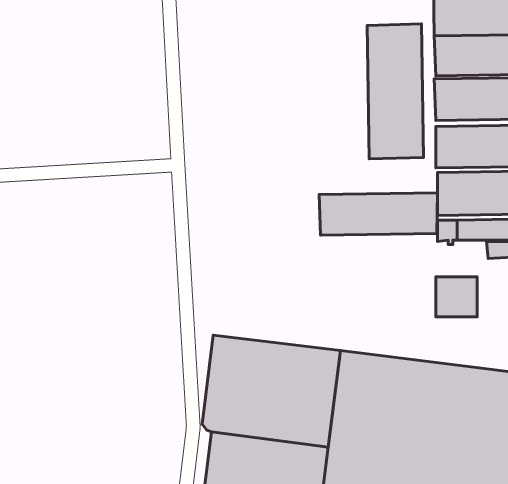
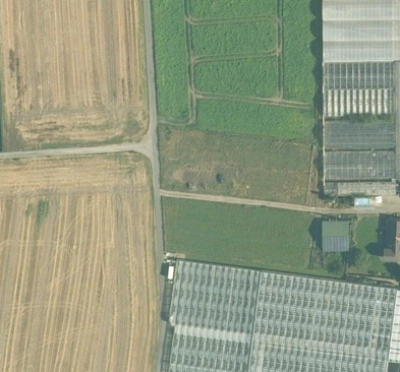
building: [367,24,423,159] -> none
building: [319,193,437,235] -> none

